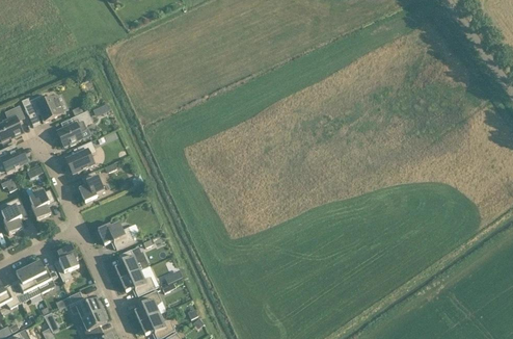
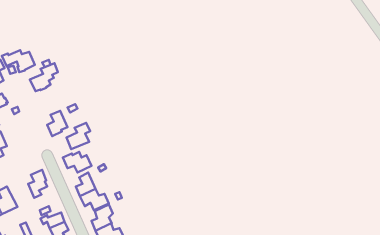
building: [65,140,96,174] -> [66,123,90,149]
building: [29,188,55,219] -> none
building: [27,261,57,292] -> none

